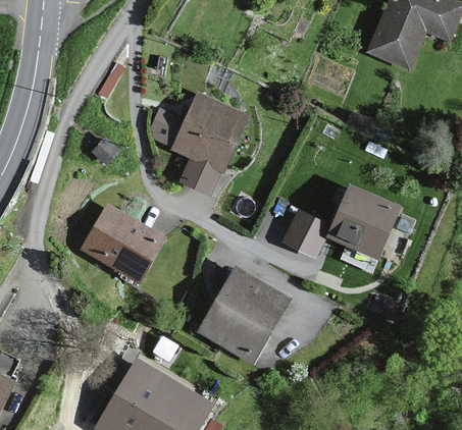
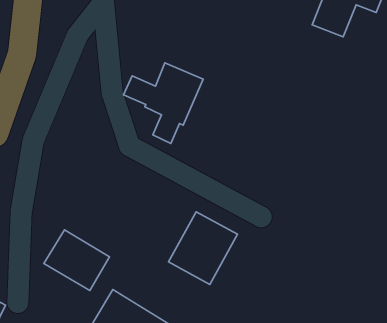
building: [329,189,395,254] -> none
building: [83,207,160,278] -> [44,230,110,290]
building: [285,213,324,253] -> none

